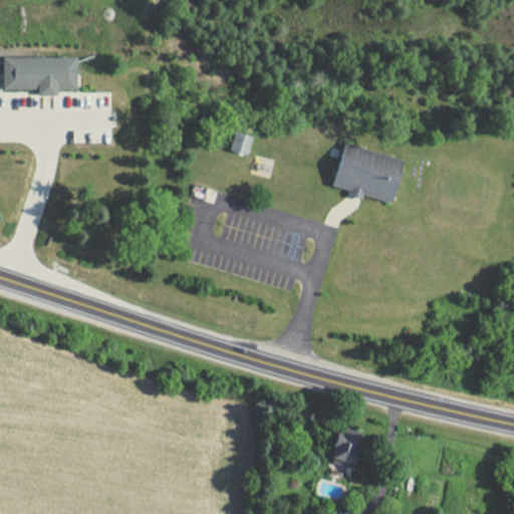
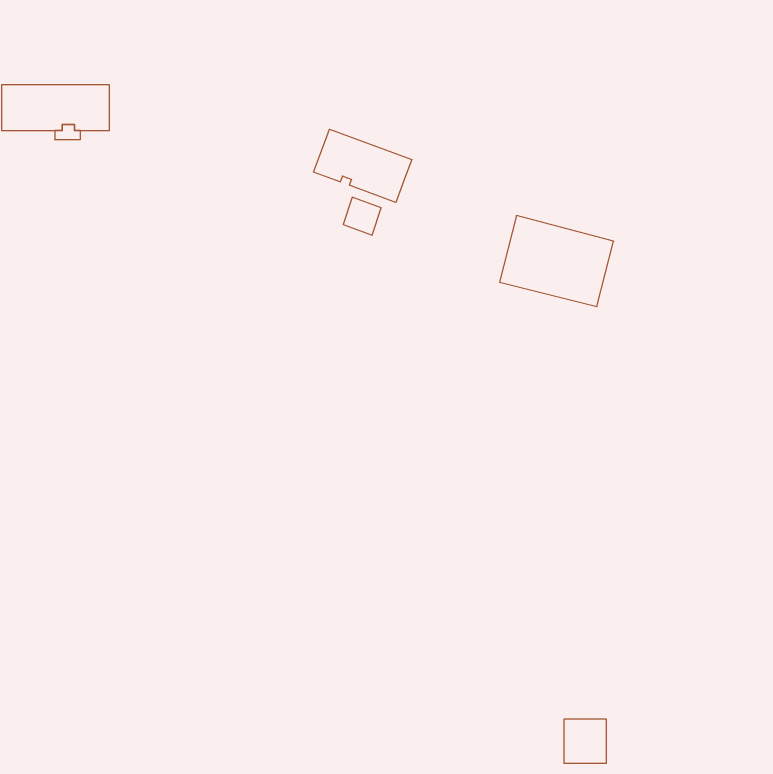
building: none -> [314,129,412,202]
building: [333,434,361,463] -> [564,719,606,763]

